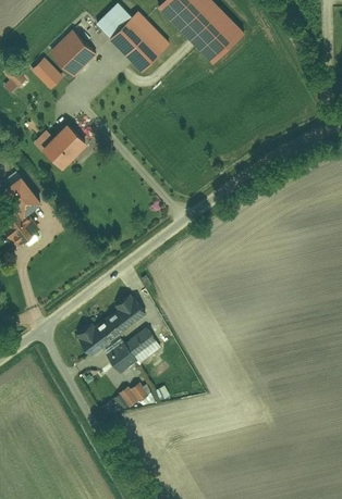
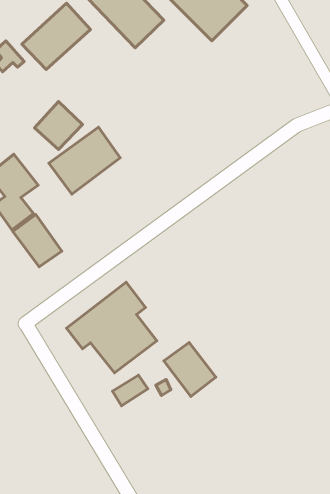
building: none -> [49,127,120,194]
building: none -> [13,215,62,267]
building: none -> [164,343,216,397]

